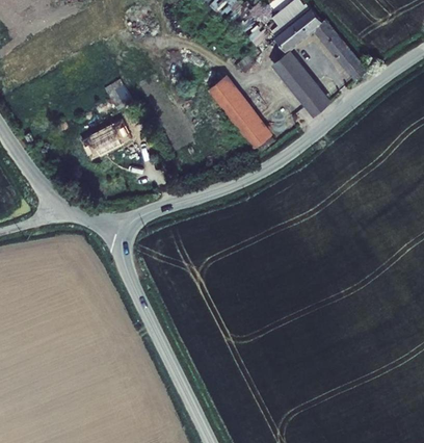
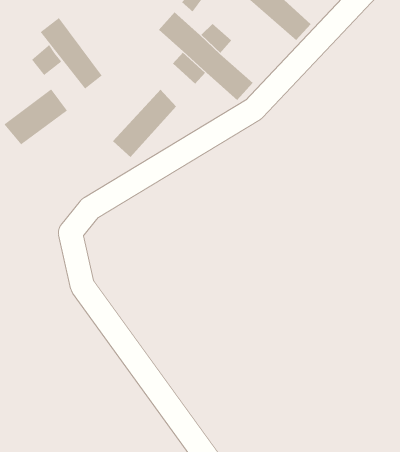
building: none -> [40,17,103,90]
building: none -> [112,89,177,158]

